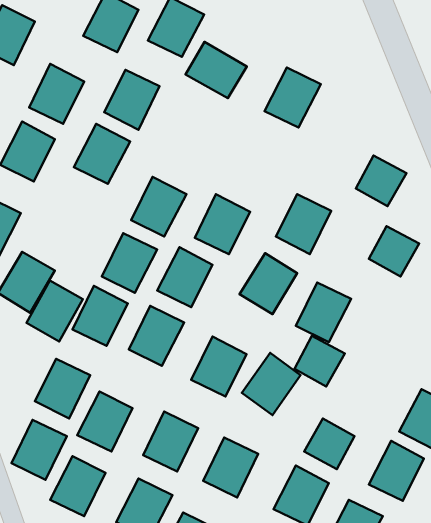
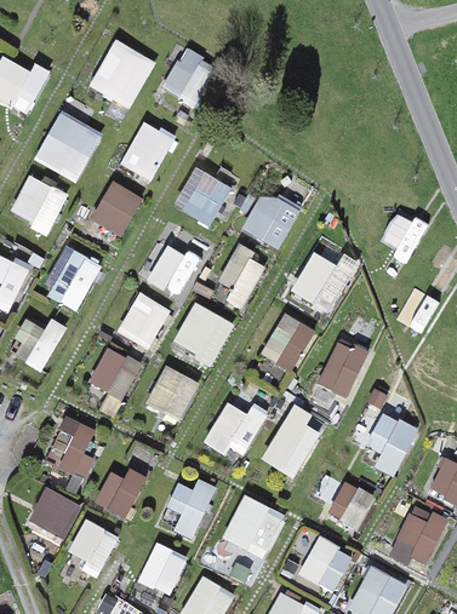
building: [186,42,247,98] -> [171,168,234,226]
building: [264,68,321,127] -> [242,188,301,249]
building: [26,281,83,342] -> [42,247,101,310]
building: [294,336,345,386] -> [366,412,418,464]

